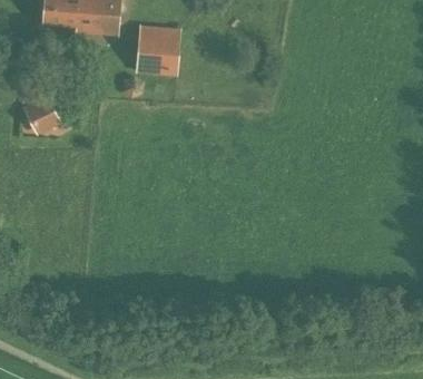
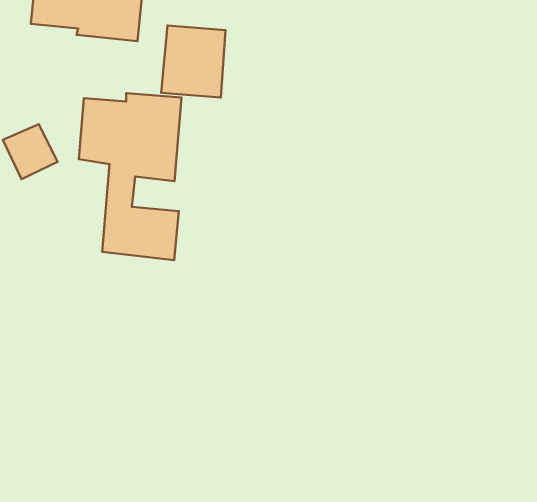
building: none -> [79,93,182,260]

